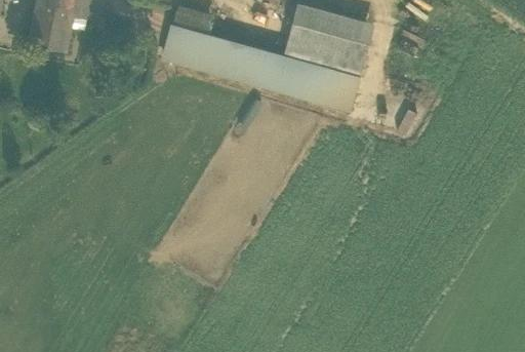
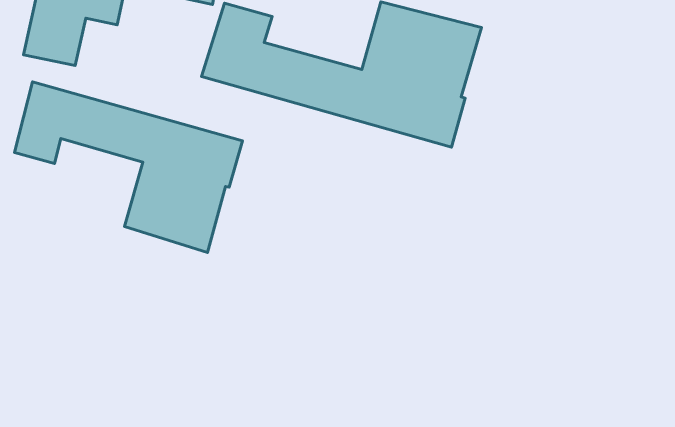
building: none -> [15,82,242,252]

